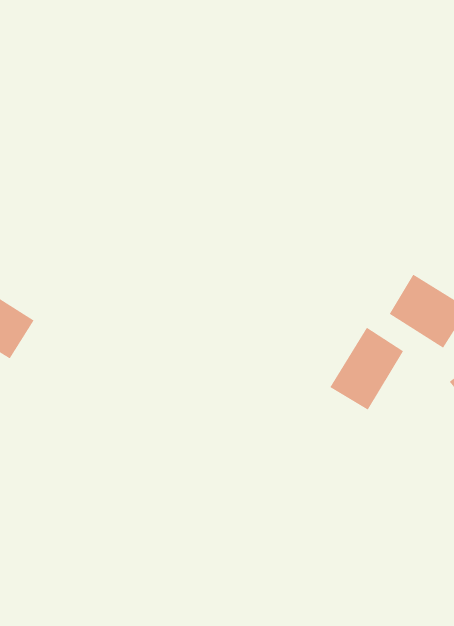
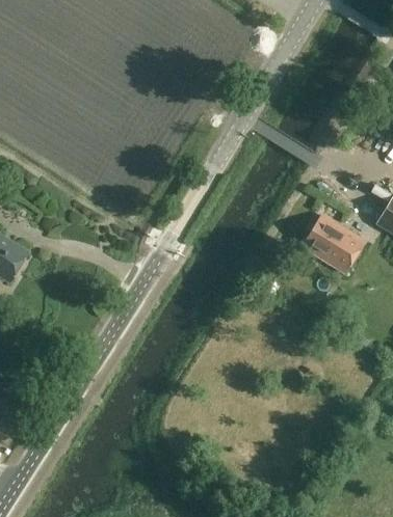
building: [330,327,404,410] -> none

